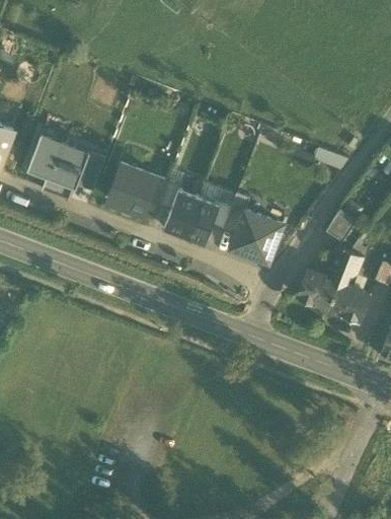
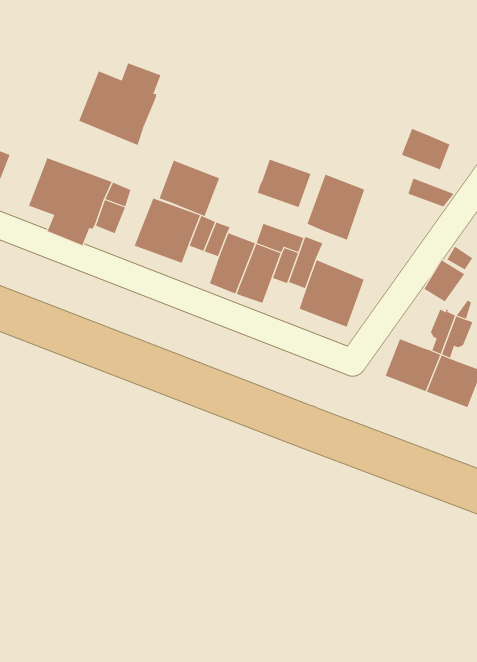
building: none -> [79,63,161,146]
building: none -> [401,128,450,170]
building: none -> [257,159,311,208]
building: none -> [159,160,220,217]
building: none -> [307,174,365,240]

